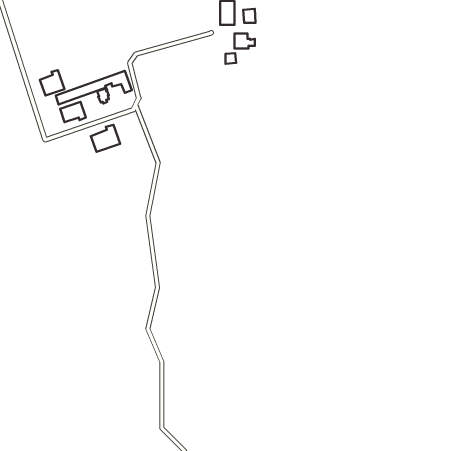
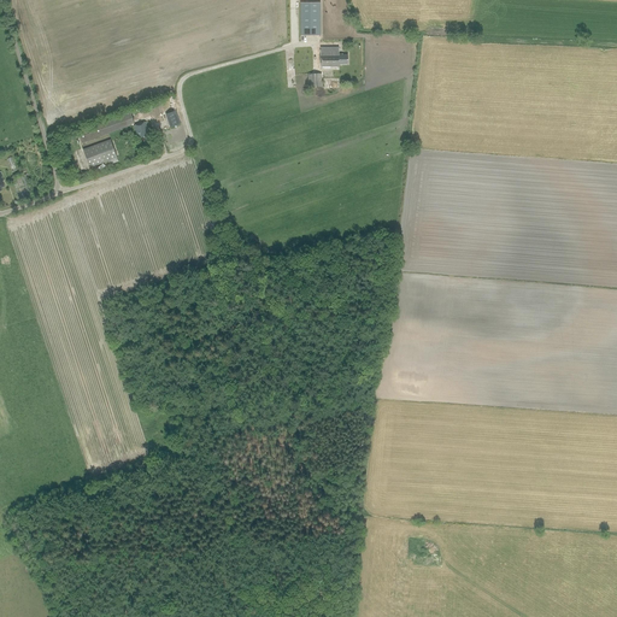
building: [40,70,65,96] -> none
building: [91,125,120,152] -> none

